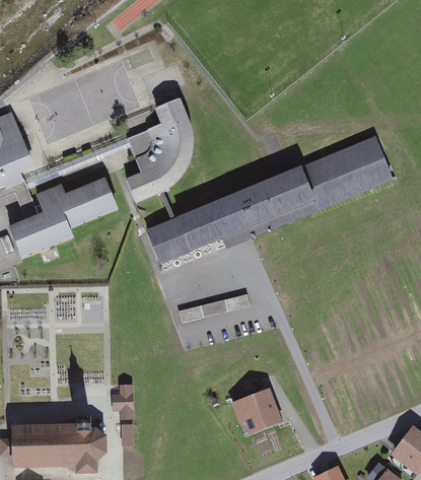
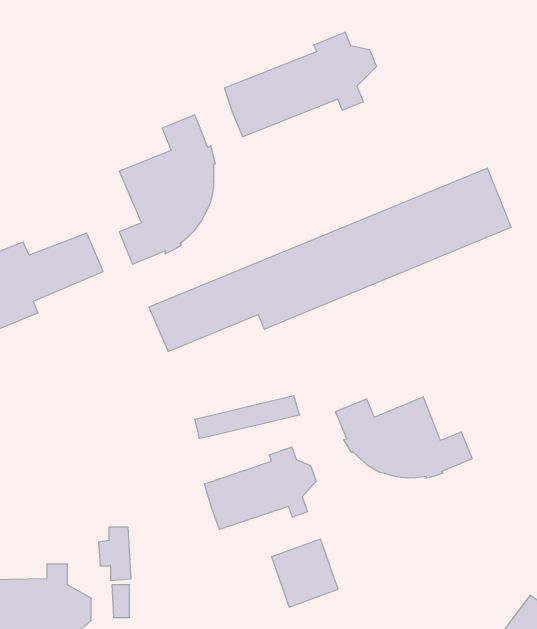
building: none -> [224,32,376,137]
building: none -> [336,397,472,478]
building: none -> [204,447,316,530]

